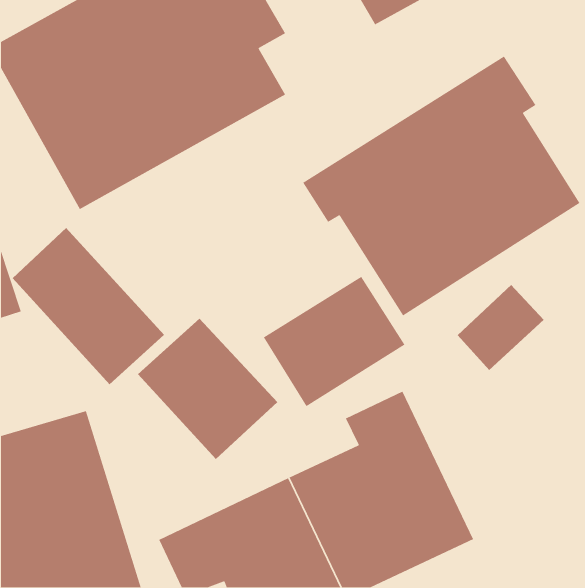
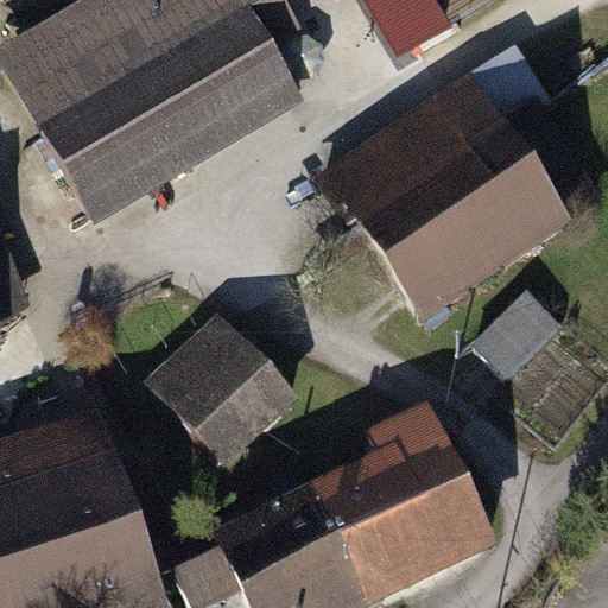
building: [12,227,165,385] -> none
building: [263,276,405,407] -> none

